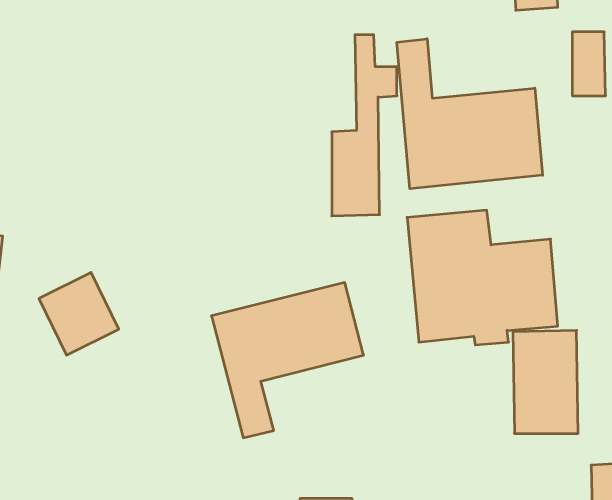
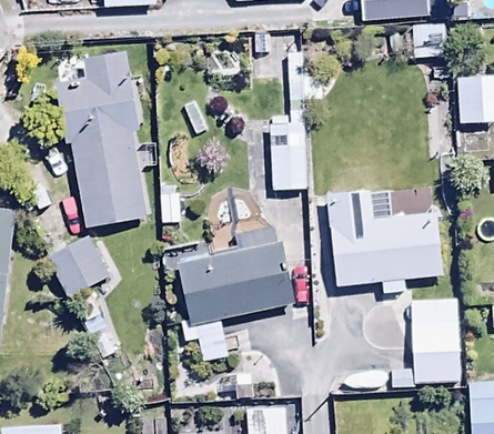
building: none -> [54,51,145,228]
building: [397,39,543,189] -> none

